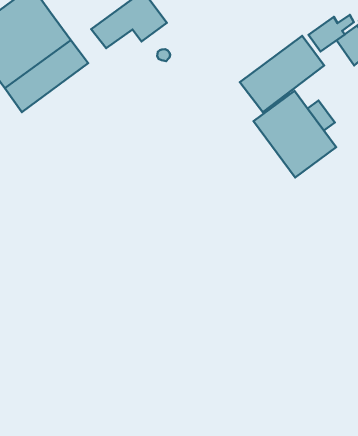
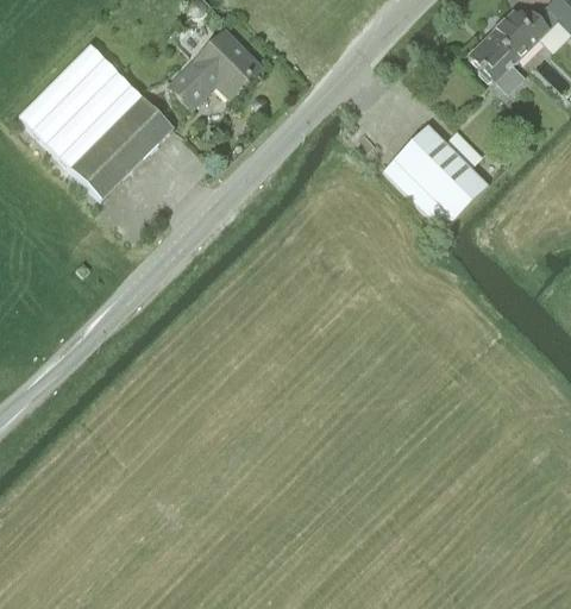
building: [309,15,354,51] -> none
building: [240,36,324,112] -> none

